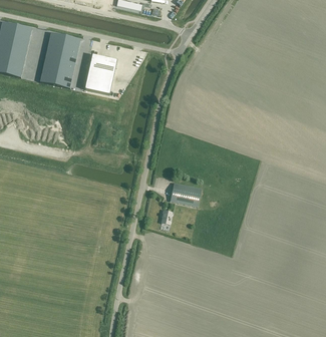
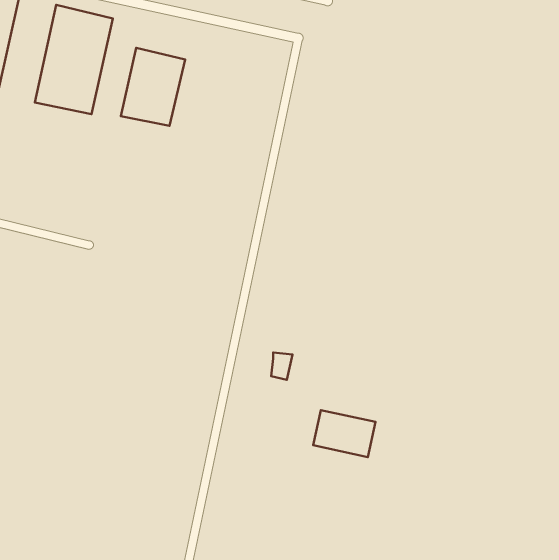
building: [170,182,202,206] -> [313,410,376,457]

